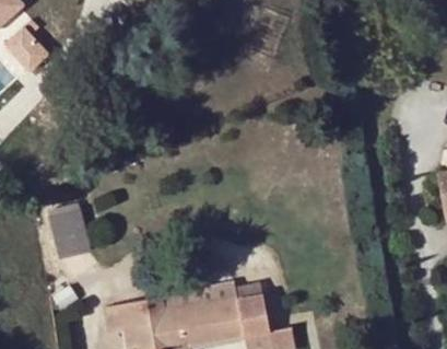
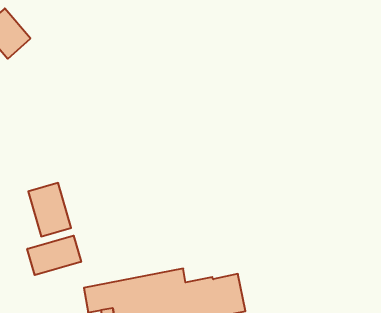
building: none -> [27,236,81,275]

